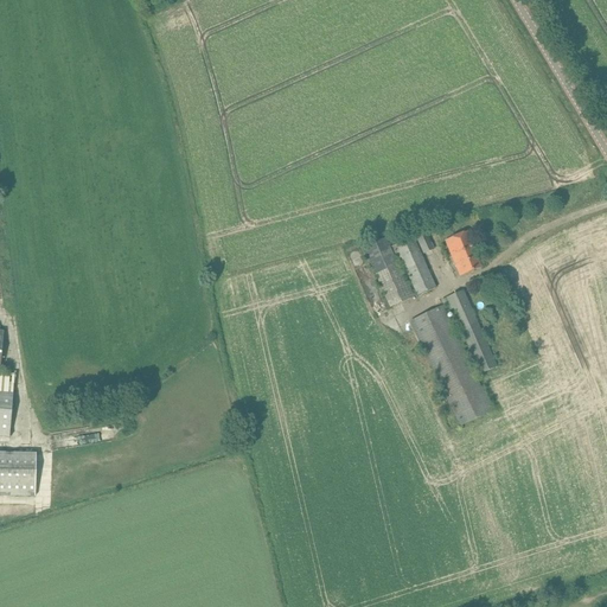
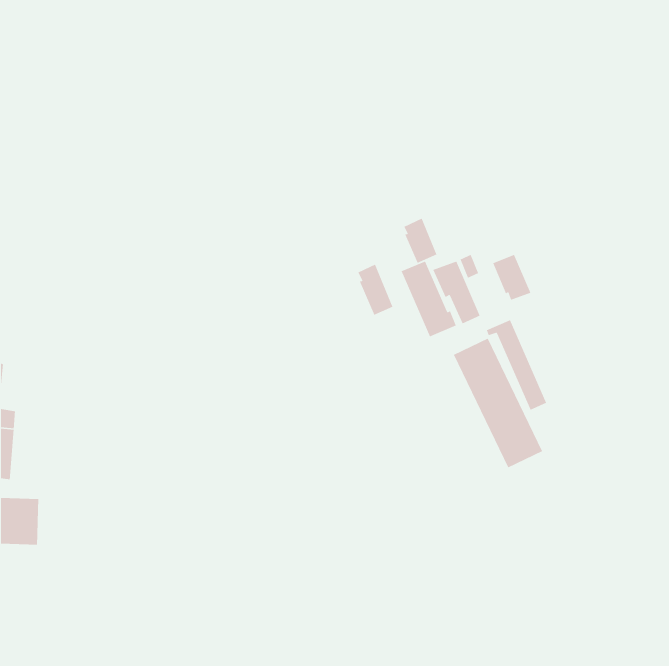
building: none -> [403,217,438,264]
building: none -> [357,264,394,316]

